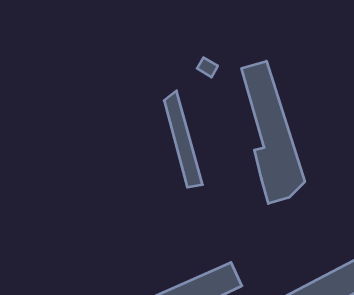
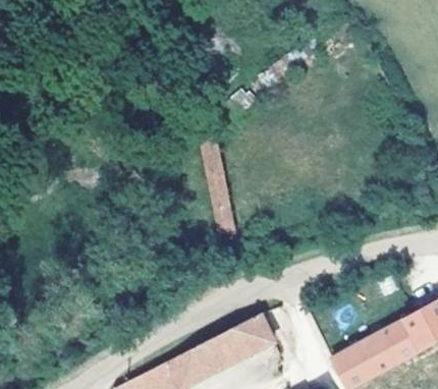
building: [242,61,305,204] -> none

